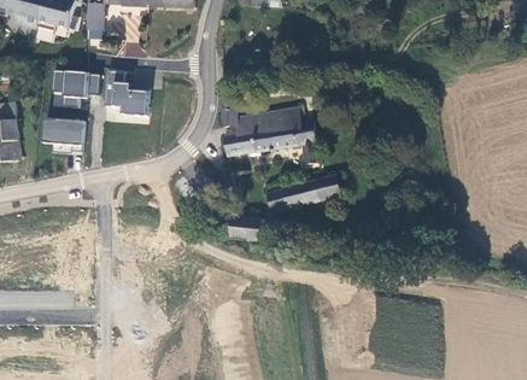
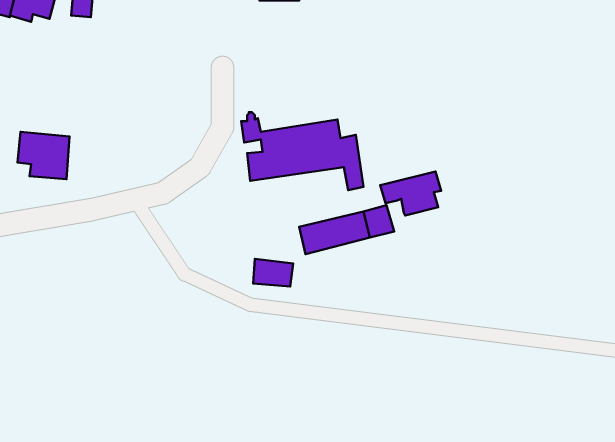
building: [53,70,100,106] -> none
building: [104,70,148,115] -> none
building: none -> [380,171,441,216]

